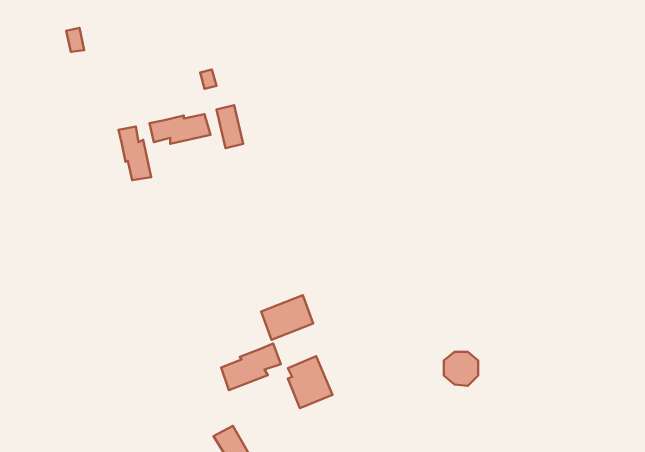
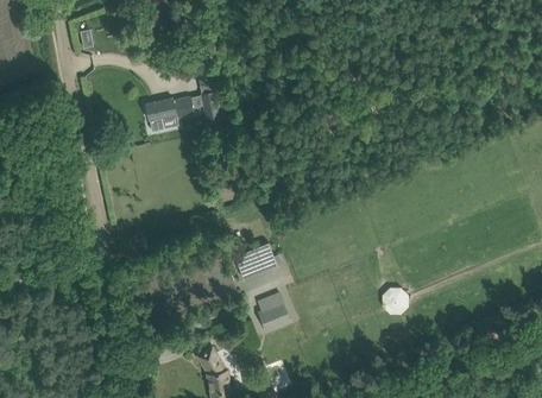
building: [119,126,151,180] -> none
building: [221,344,281,390] -> none

